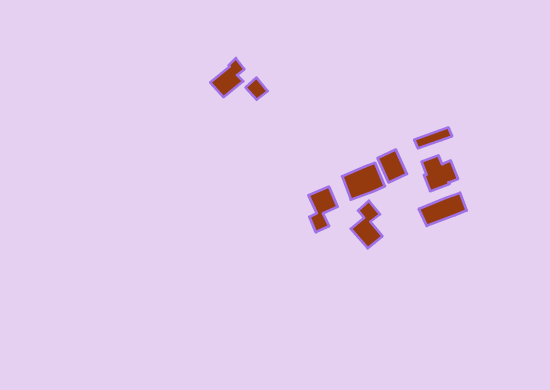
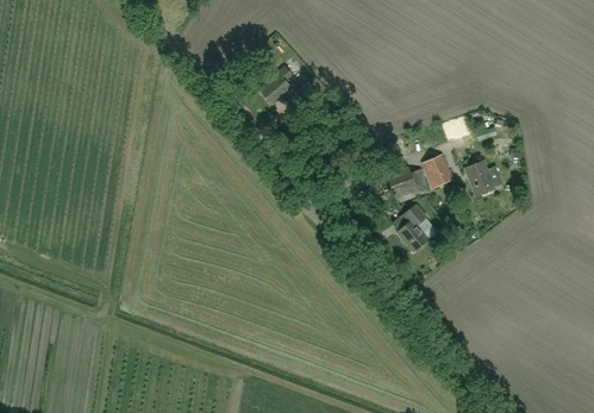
building: [309,187,338,232] -> none
building: [419,193,467,226] -> none

